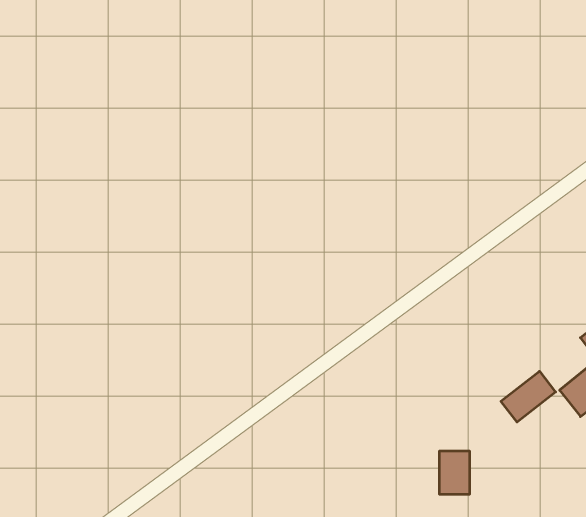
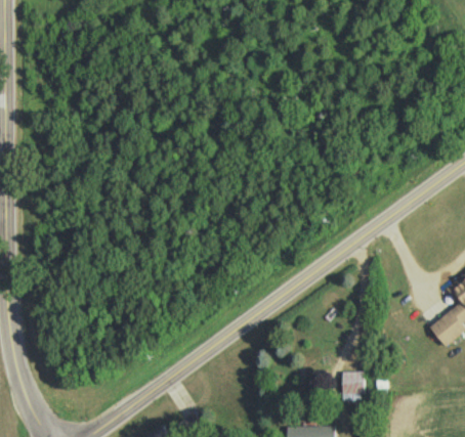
building: [501,371,556,422] -> none

